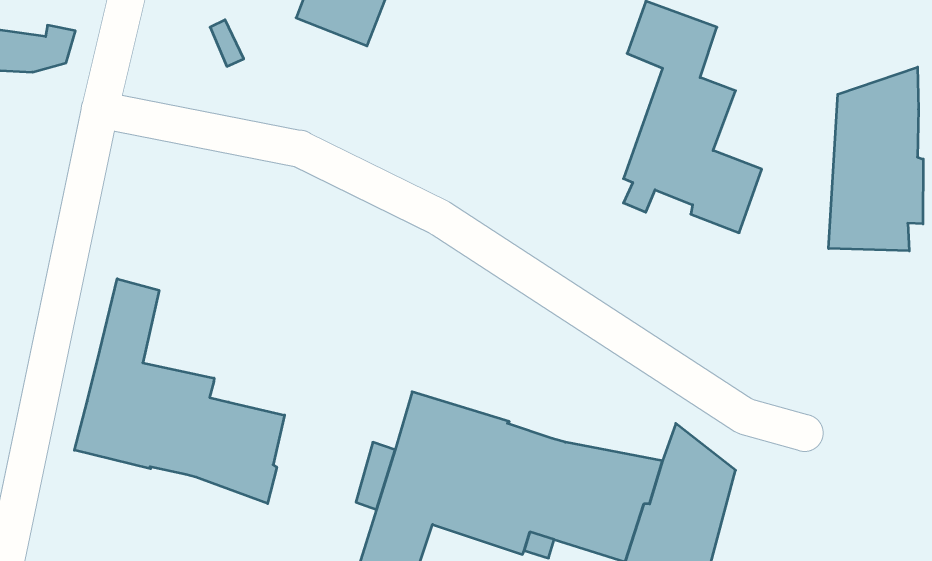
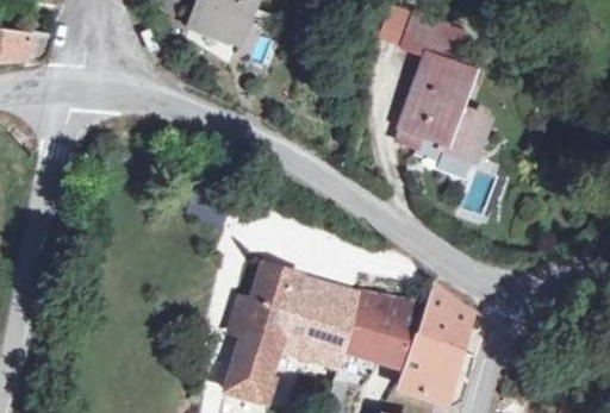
building: [829,67,923,251] -> none
building: [74,279,285,504] -> none

